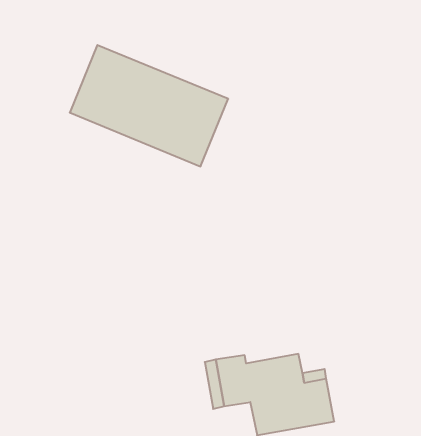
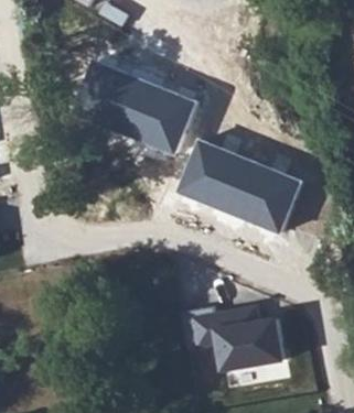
building: none -> [179,141,303,232]

